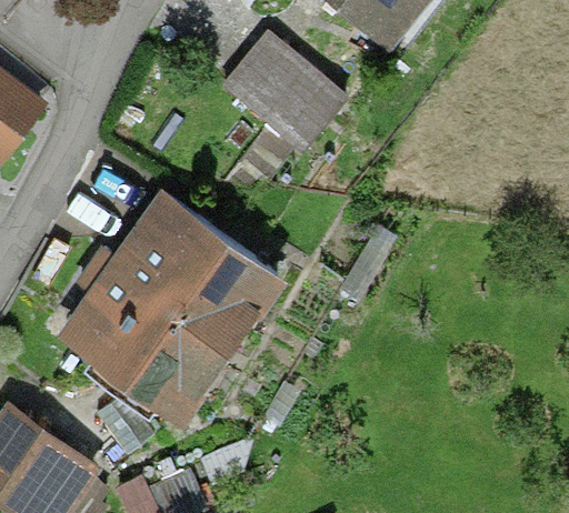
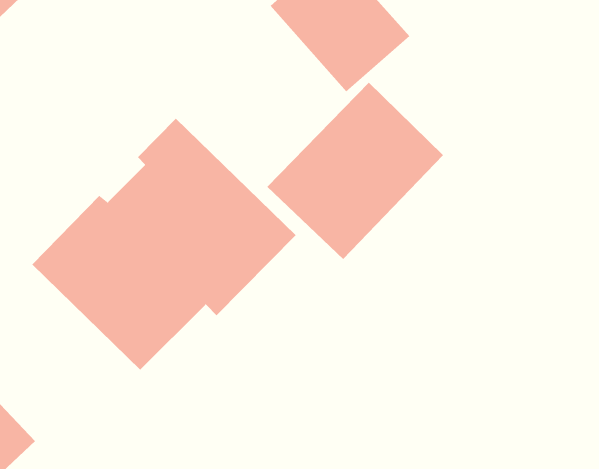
building: none -> [267,82,444,260]

